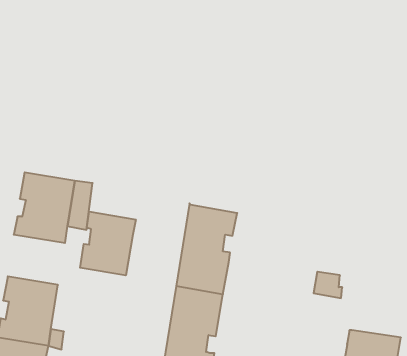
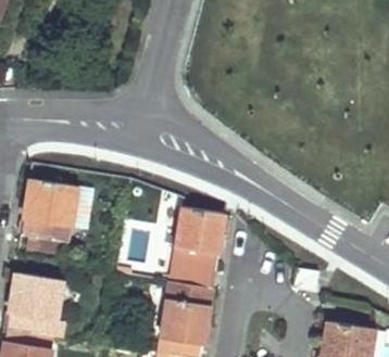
building: [80,212,136,275] -> none

